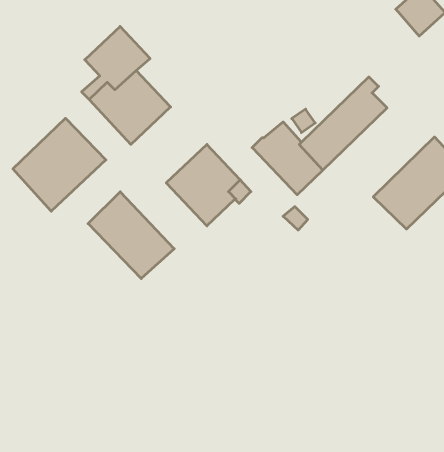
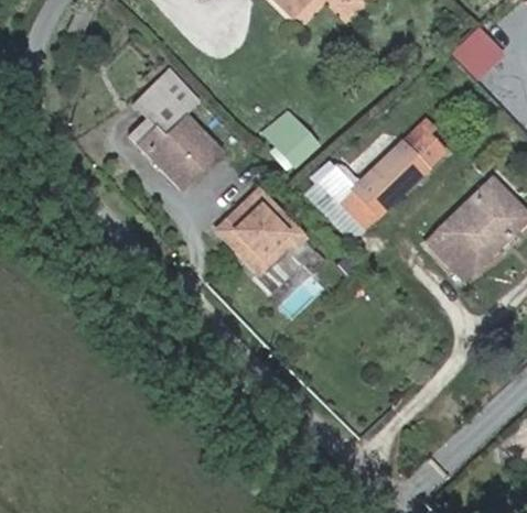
building: none -> [264,108,320,165]
building: [13,118,106,211] -> none
building: [88,192,174,279] -> none

